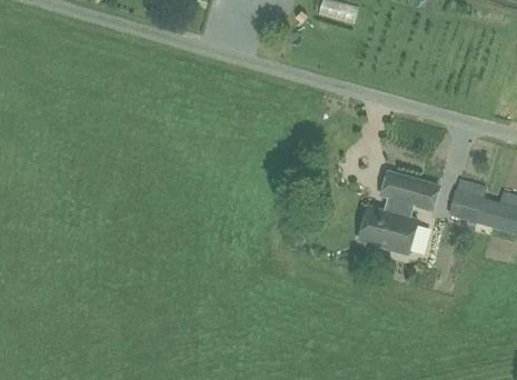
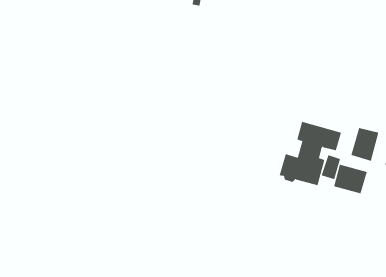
building: none -> [334,164,368,194]

